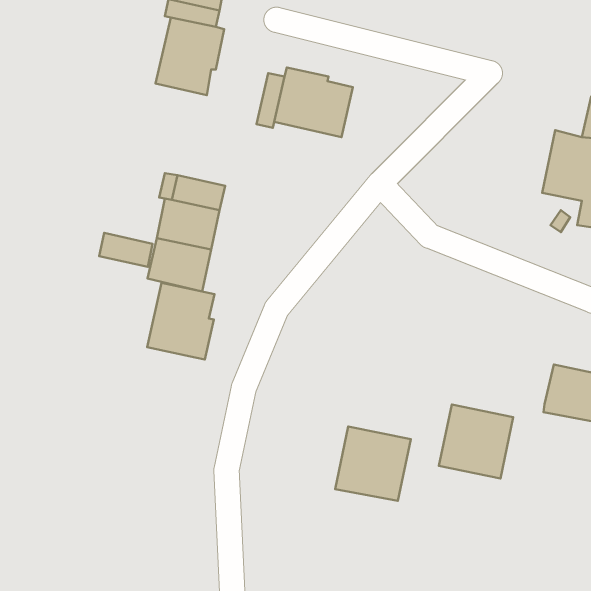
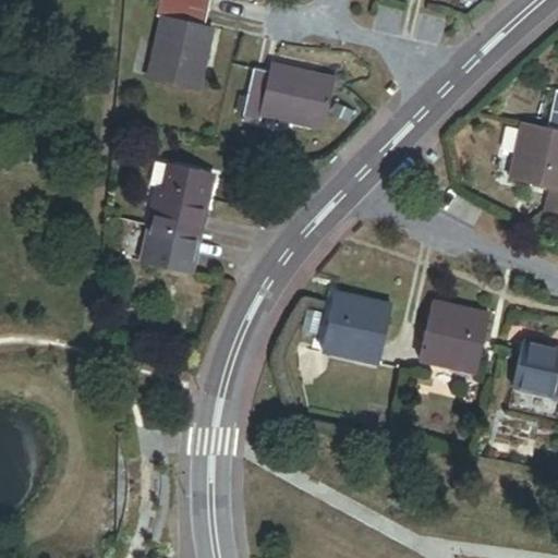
building: [99,233,153,267] -> none
building: [147,283,214,360] -> none
building: [439,404,513,479] -> [420,302,489,372]
building: [335,427,411,501] -> [322,292,392,362]

